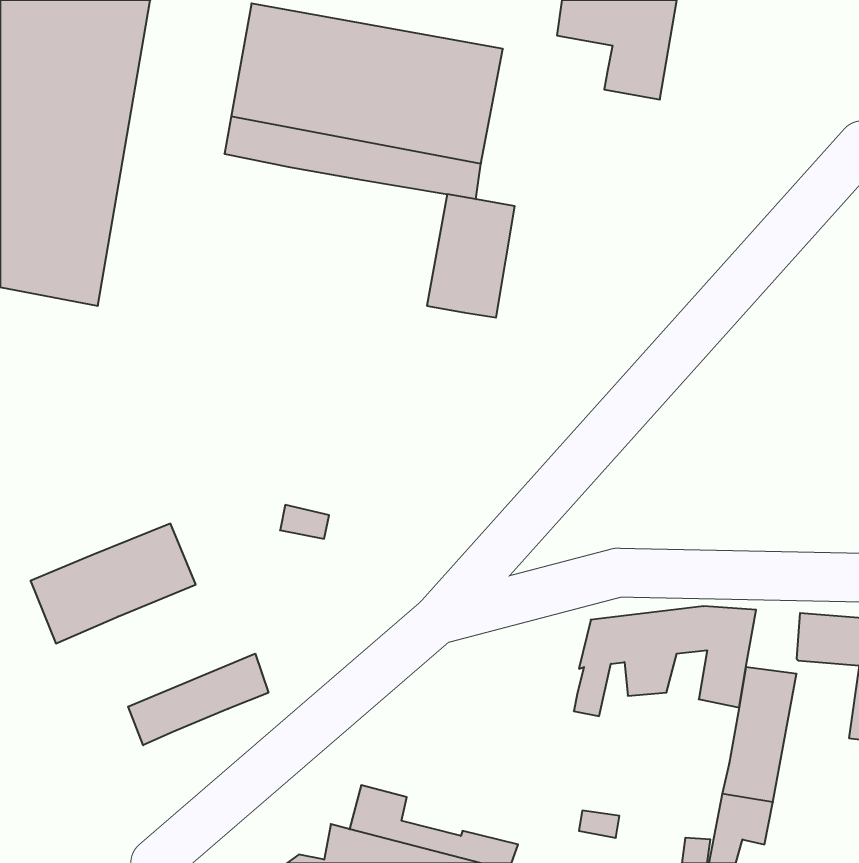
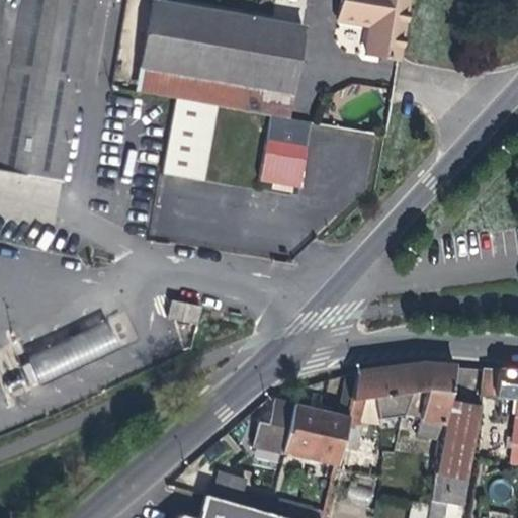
building: none -> [163,100,217,180]
building: [128,654,268,745] -> none
building: none -> [253,399,348,464]

